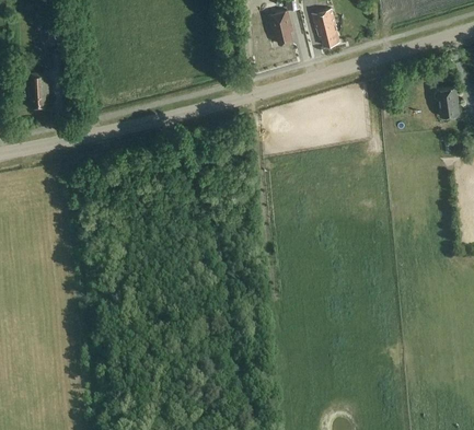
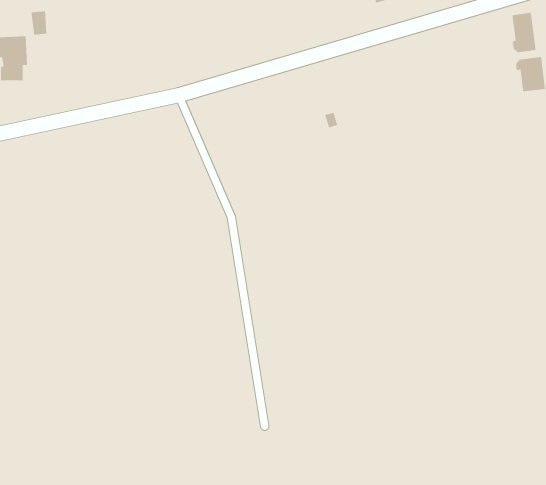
building: none -> [512,12,536,53]

